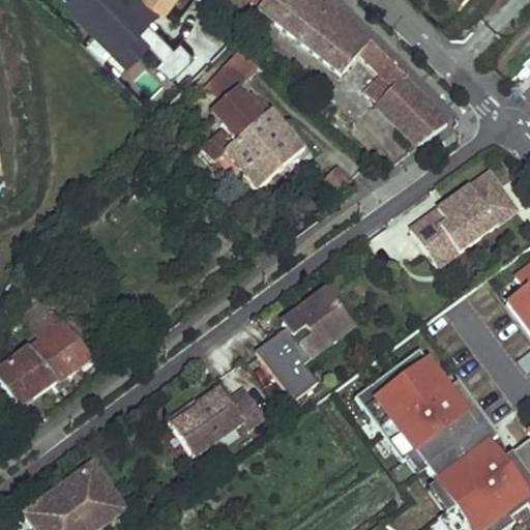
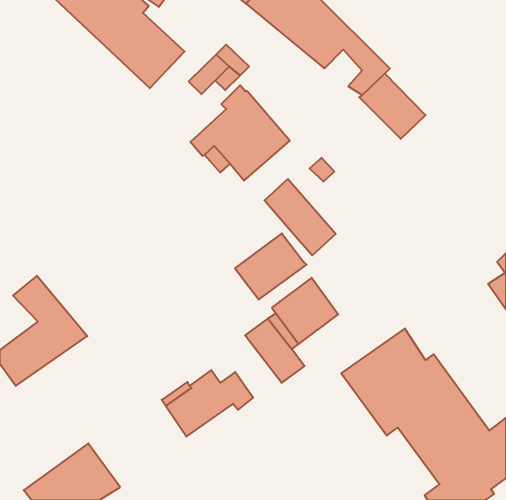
building: [411,172,518,267] -> none
building: none -> [264,179,336,255]
building: none -> [235,233,307,300]

